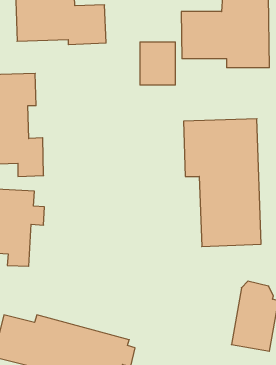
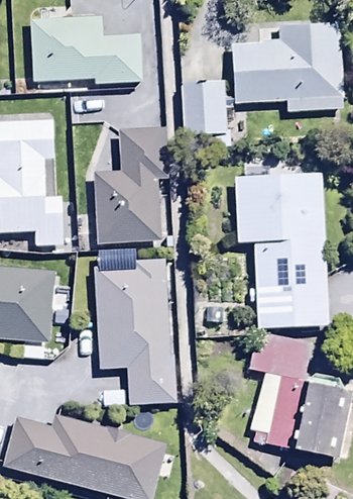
building: none -> [95,128,168,241]
building: none -> [94,258,176,404]
building: none -> [249,333,312,447]

